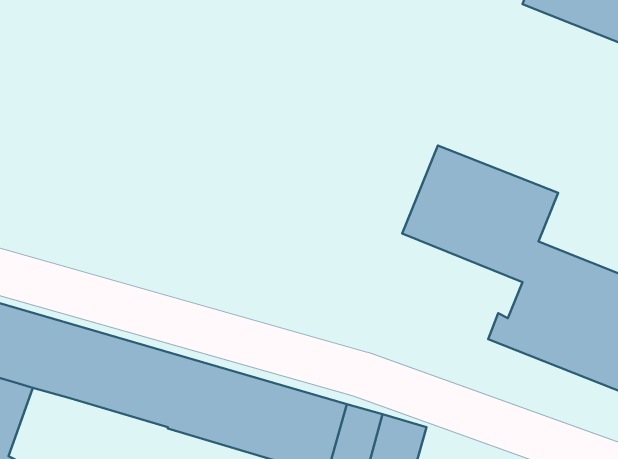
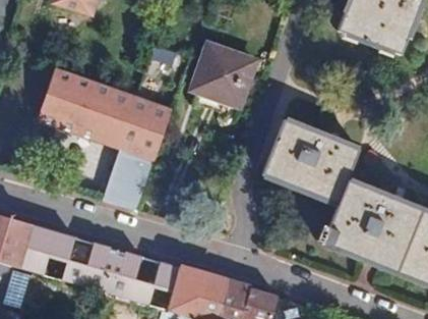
building: none -> [190,41,257,107]
building: none -> [37,68,171,209]

